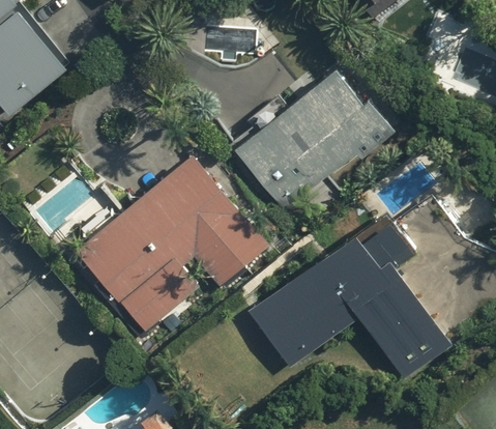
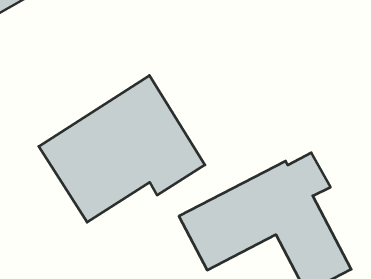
building: [234,68,397,210] -> none

